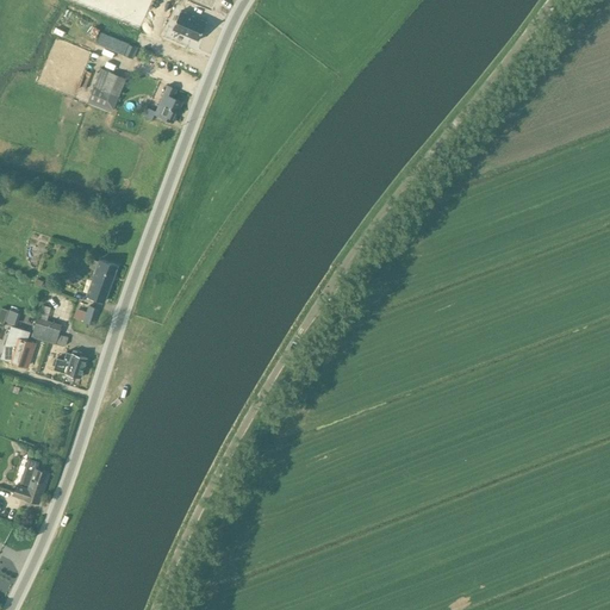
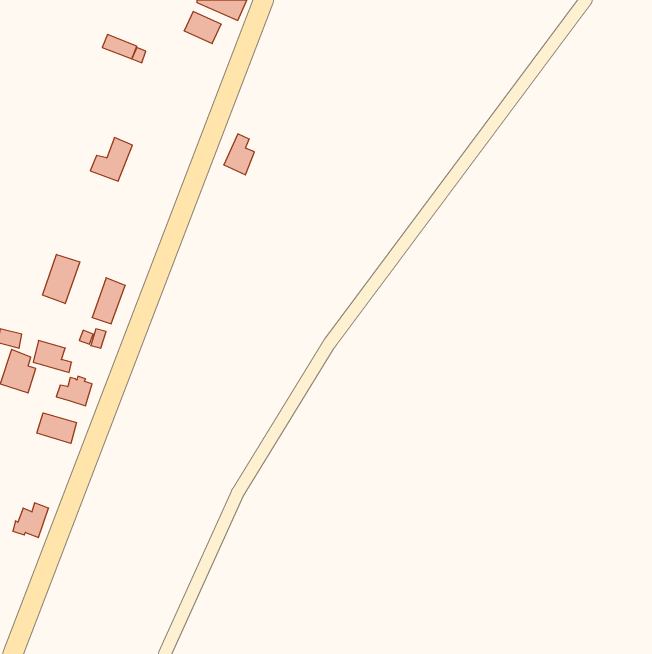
building: [86,71,125,112] -> [90,138,132,181]
building: [152,85,181,123] -> [224,134,254,175]
building: none -> [43,254,80,304]
building: none -> [37,413,76,443]

